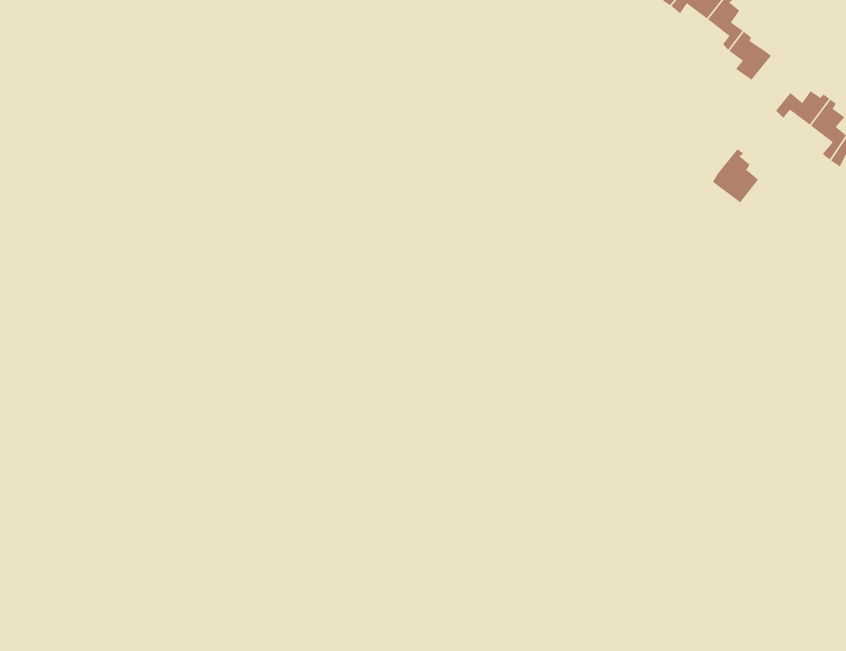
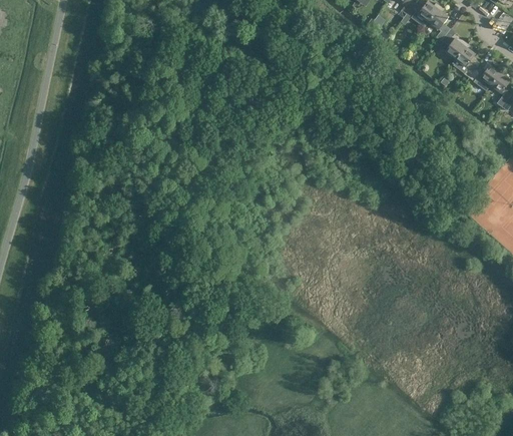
building: [712,148,759,203] -> [452,43,480,76]

